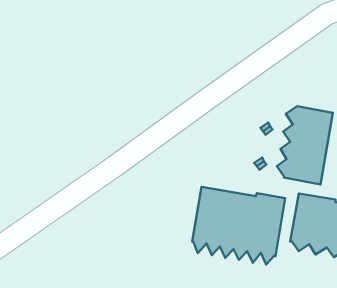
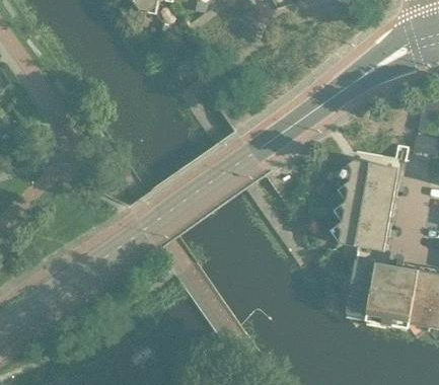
building: [192,187,285,264] -> none

